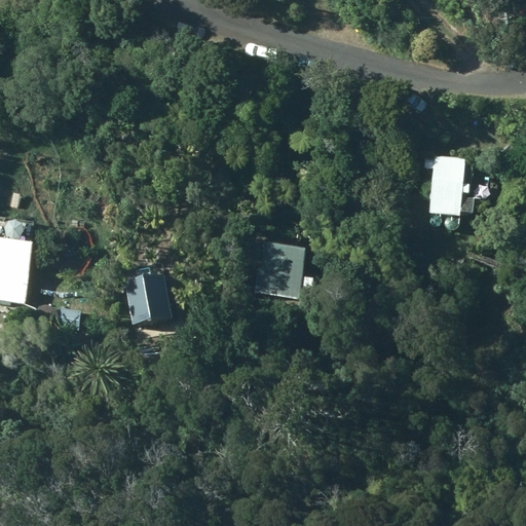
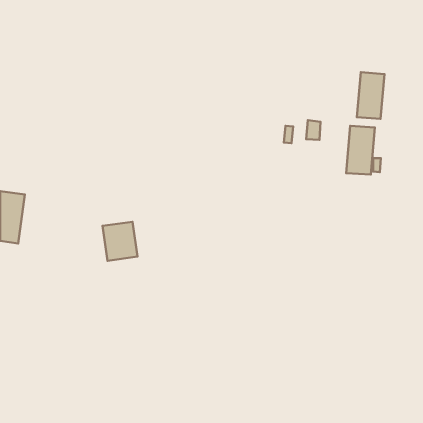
building: none -> [357,72,384,119]
building: [254,242,312,298] -> none

